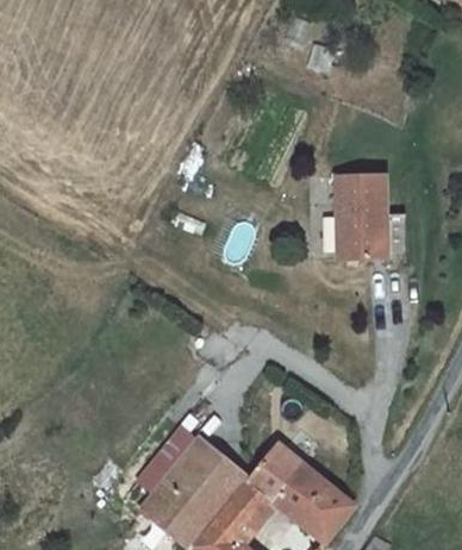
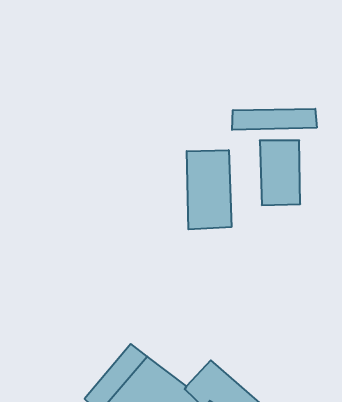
building: none -> [232,109,317,130]
building: none -> [187,150,231,229]

